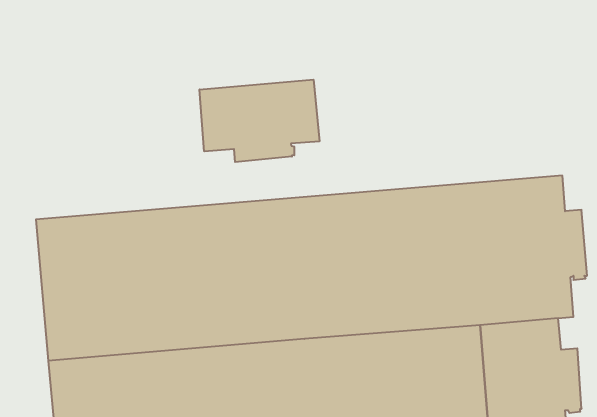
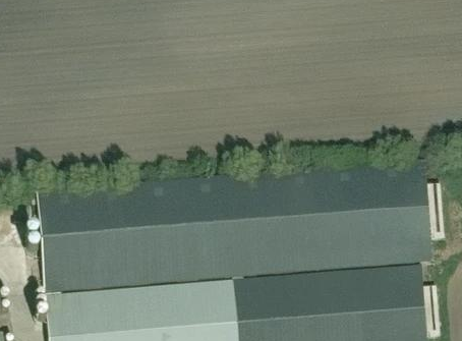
building: [200,80,319,162] -> none

